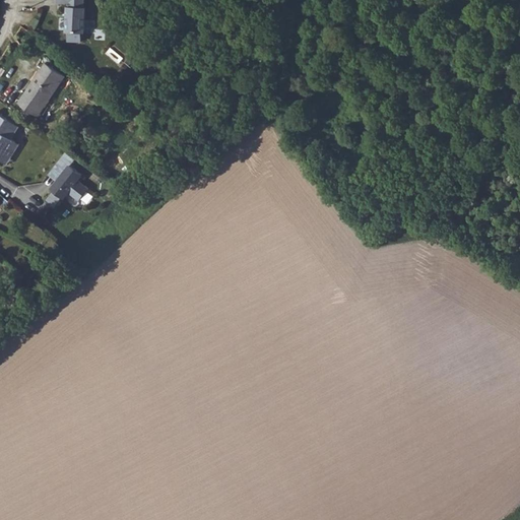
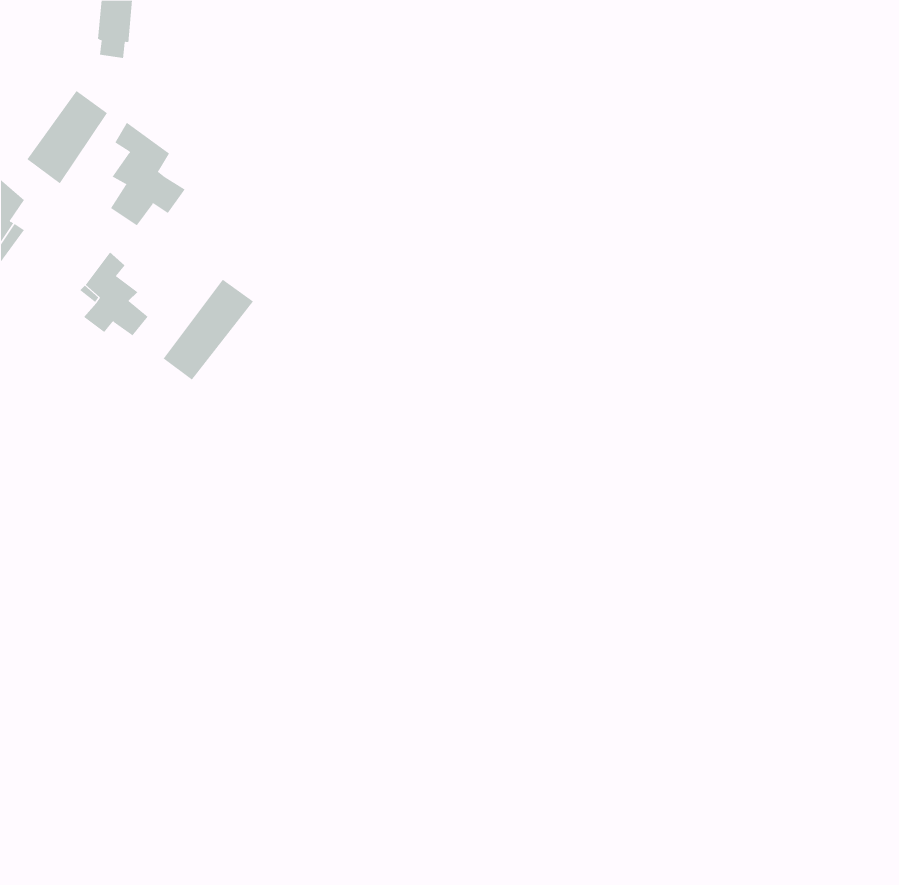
building: none -> [110,122,185,226]
building: none -> [163,279,254,380]

